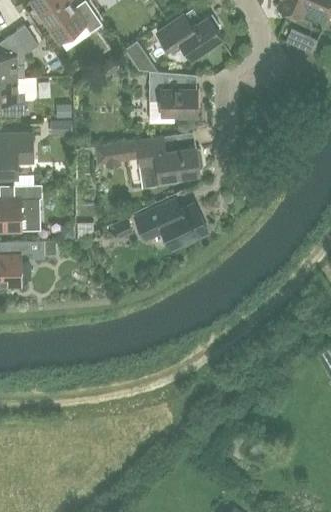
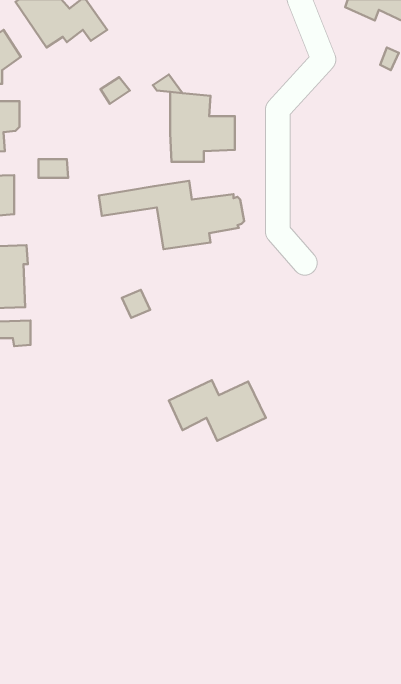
building: [156,15,221,58] -> none
building: [135,203,207,248] -> [169,380,266,441]

